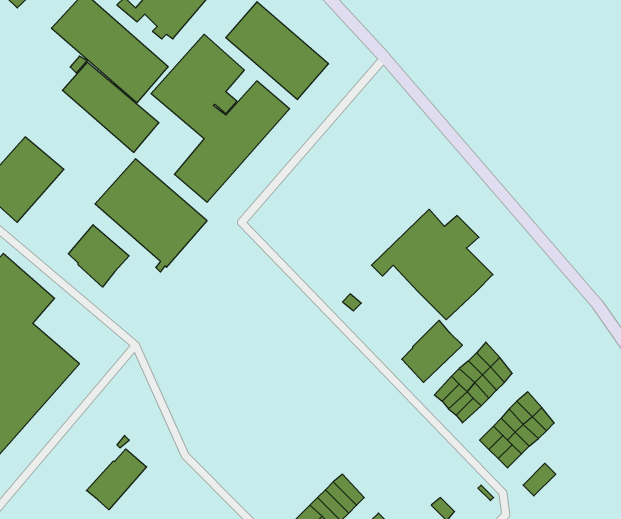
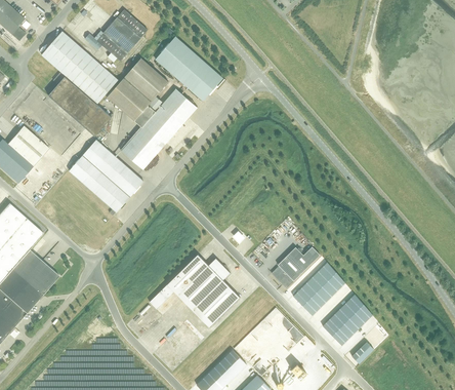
building: [371,209,493,320] -> [160,255,240,327]
building: [68,225,129,287] -> none
building: [86,449,147,510] -> none

